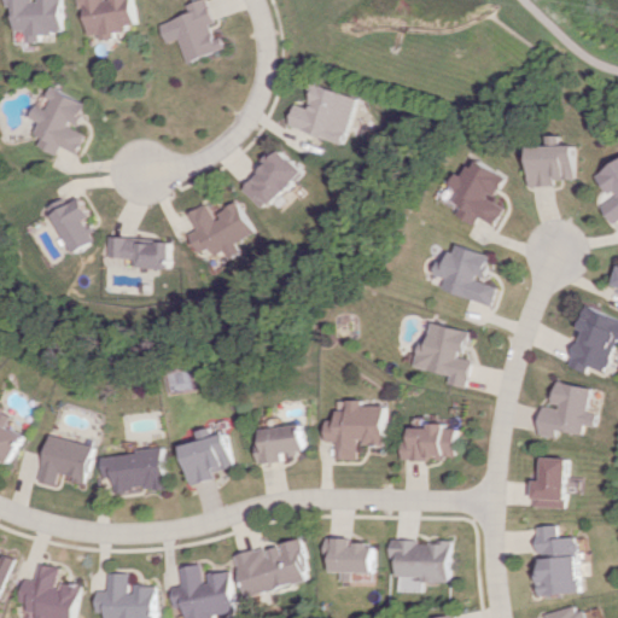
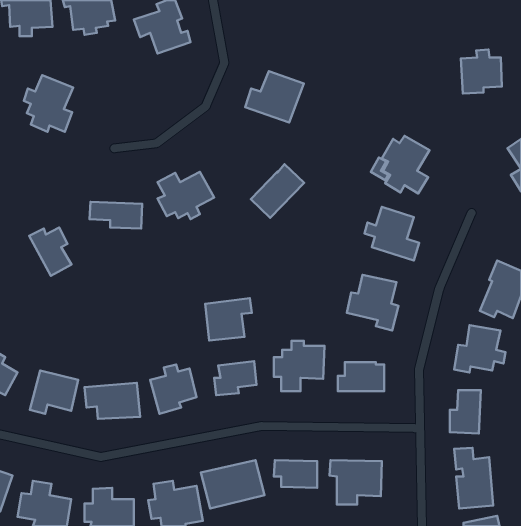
building: [526,135,575,187] -> [461,49,502,94]
building: [238,148,301,211] -> [251,164,304,218]
building: [45,197,94,253] -> [29,227,72,276]
building: none -> [205,298,252,340]

